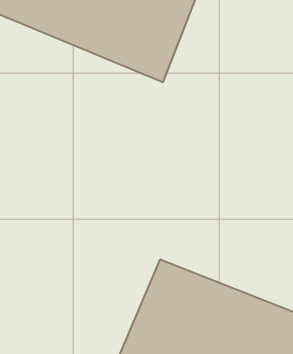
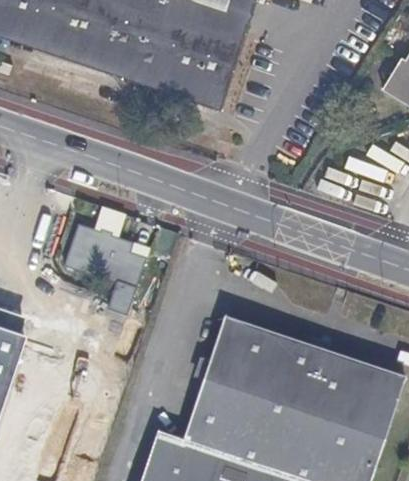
building: none -> [65,225,145,319]

